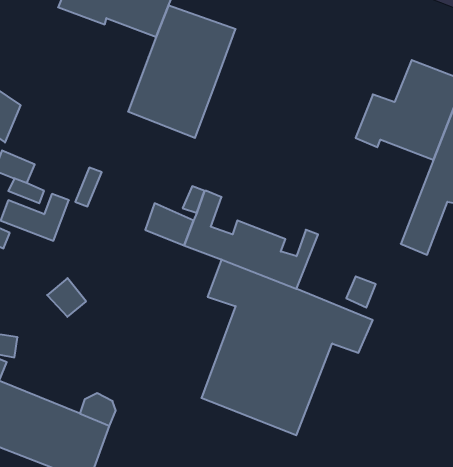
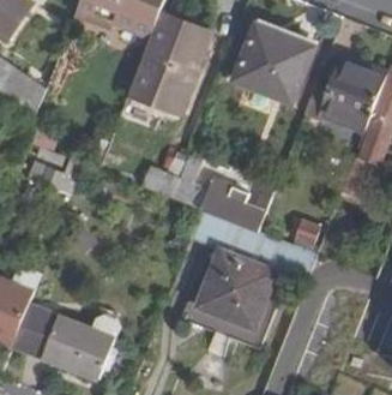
building: none -> [233,23,312,100]

